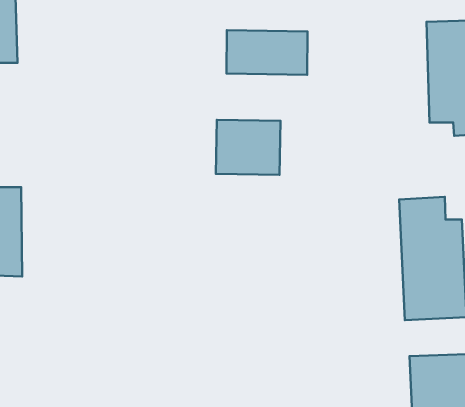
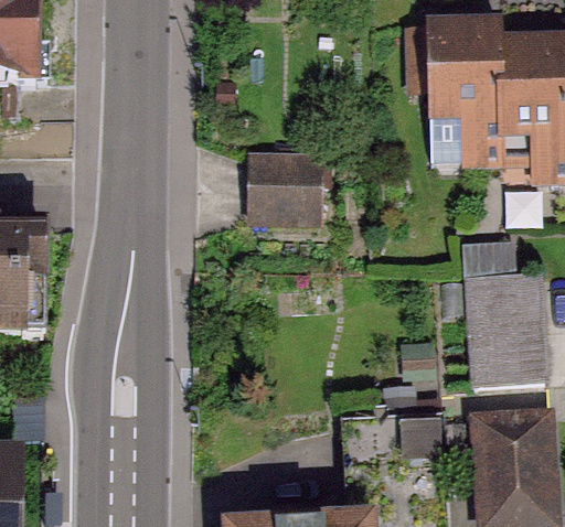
building: none -> [412,23,504,160]
building: [226,30,308,75] -> none

